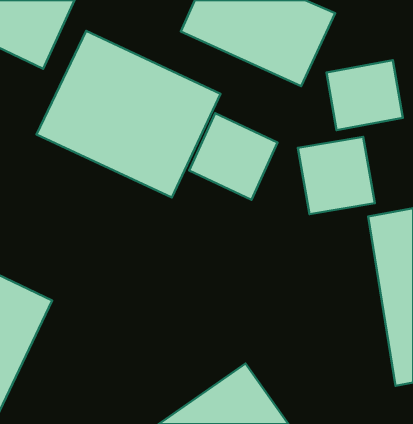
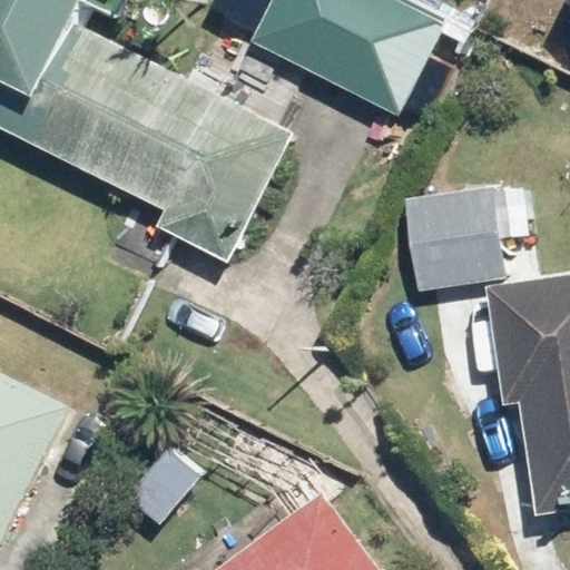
building: [326,60,403,130] -> none
building: [189,113,277,200] -> none

